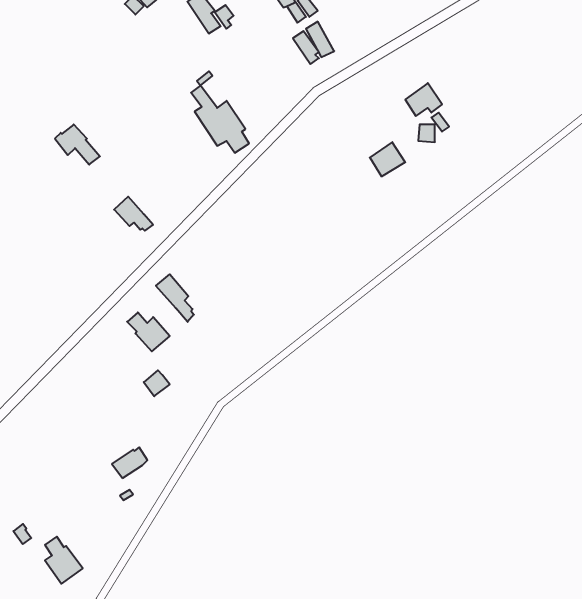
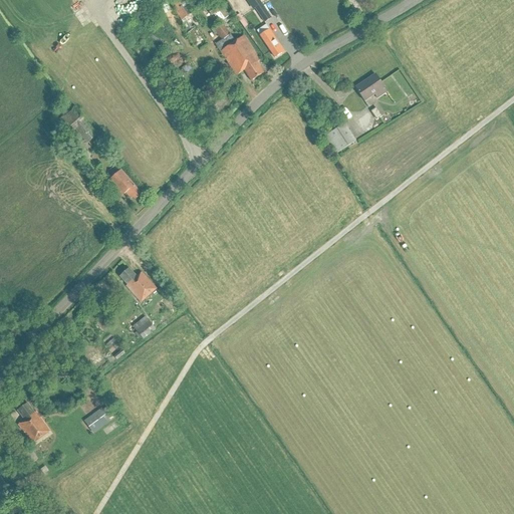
building: [191,85,249,153] -> [213,21,262,78]
building: [156,274,194,322] -> none
building: [112,447,147,478] -> [82,406,112,432]
building: [45,537,83,584] -> [17,402,49,442]

